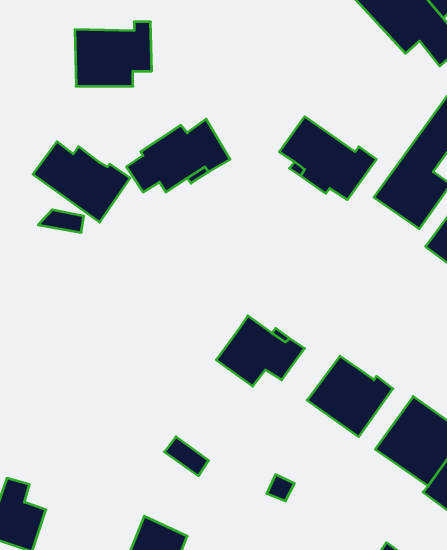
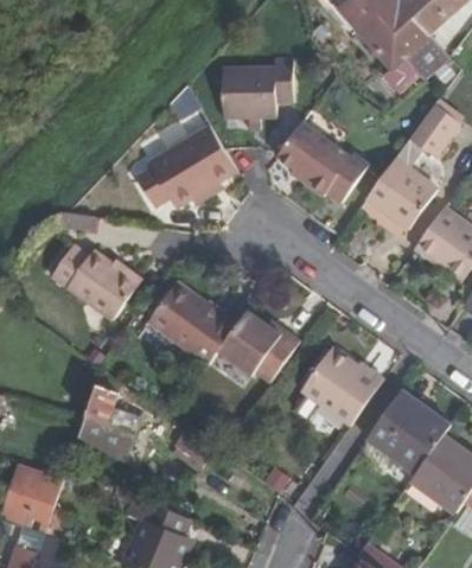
building: [75,22,152,86] -> [219,59,292,120]
building: [33,142,130,222] -> [50,244,141,320]
building: none -> [148,285,237,368]
building: none -> [78,371,139,455]

